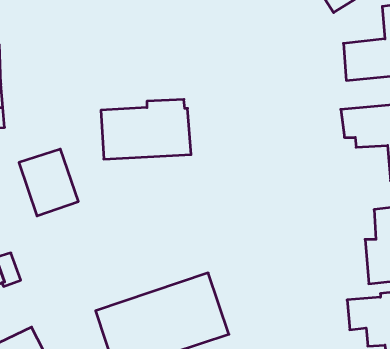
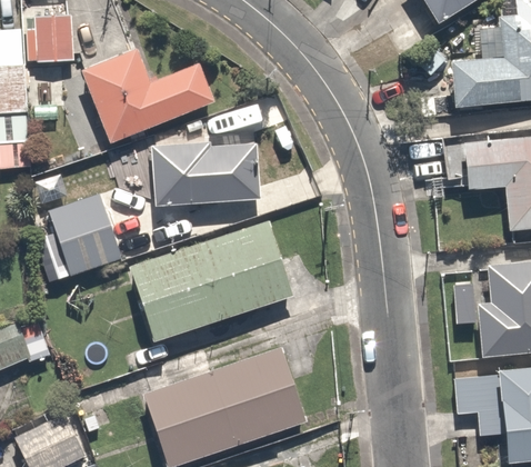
building: none -> [34,16,74,62]
building: none -> [79,48,214,142]
building: none -> [128,221,294,341]

